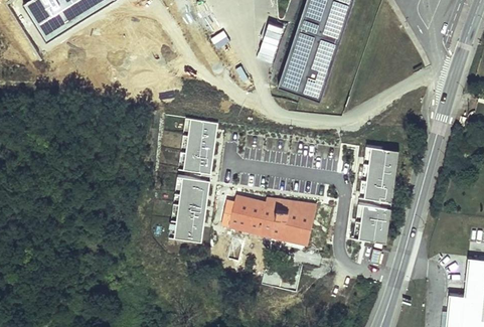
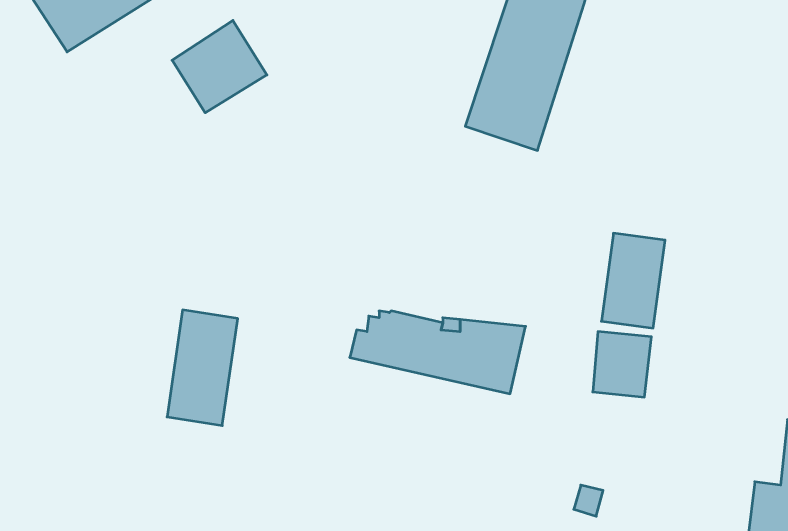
building: none -> [172,20,267,113]
building: [179,117,217,172] -> none
building: [168,177,209,244] -> [167,310,238,426]

